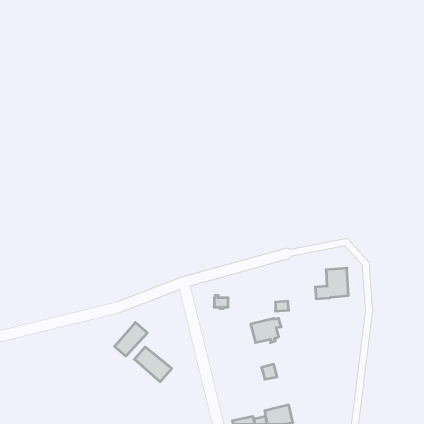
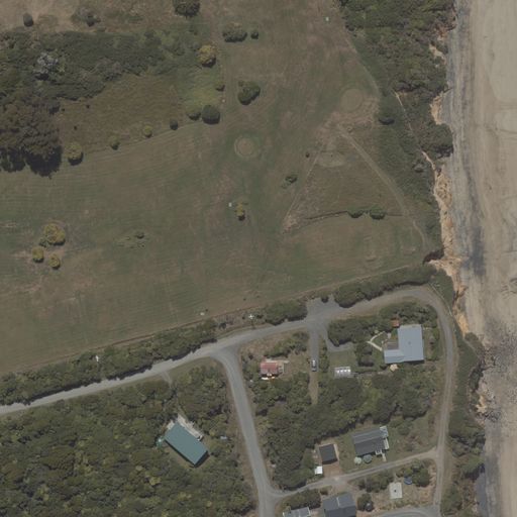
building: [251,318,281,343] -> [351,426,389,455]
building: [115,322,147,356] -> none

